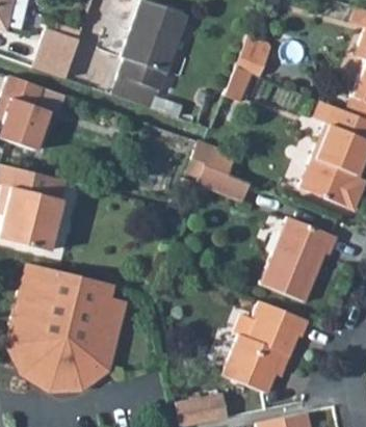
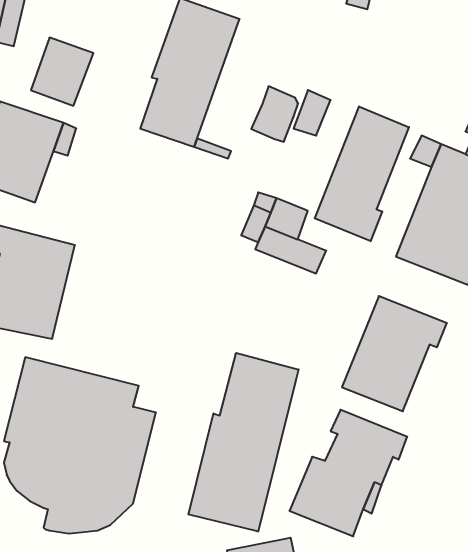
building: [235,35,269,76] -> [251,86,298,142]
building: none -> [315,106,409,241]
building: none -> [188,353,299,532]

